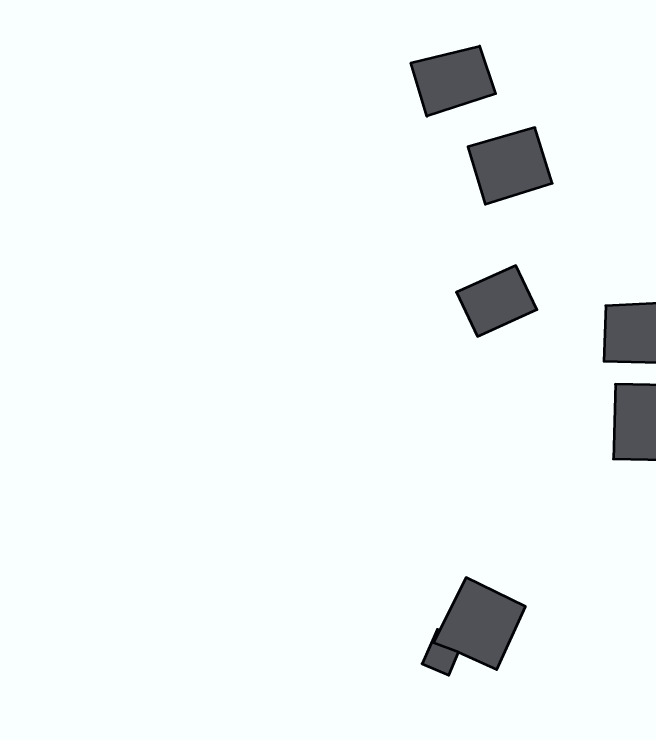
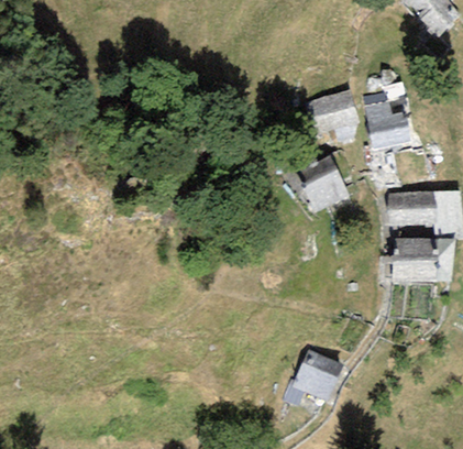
building: [411,46,496,116] -> none
building: none -> [364,100,412,150]

